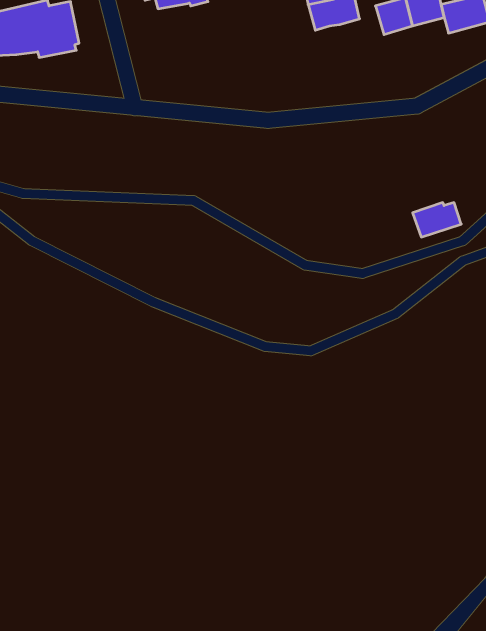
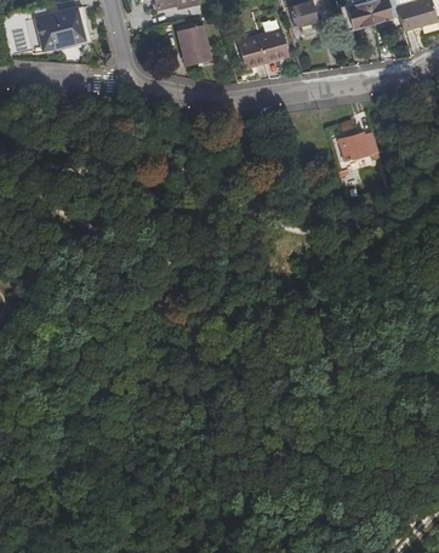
building: none -> [176,27,215,68]
building: none -> [239,30,290,65]
building: [413,203,461,237] -> [337,131,378,160]

